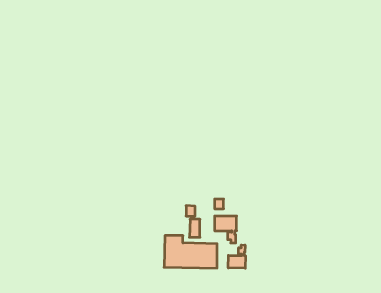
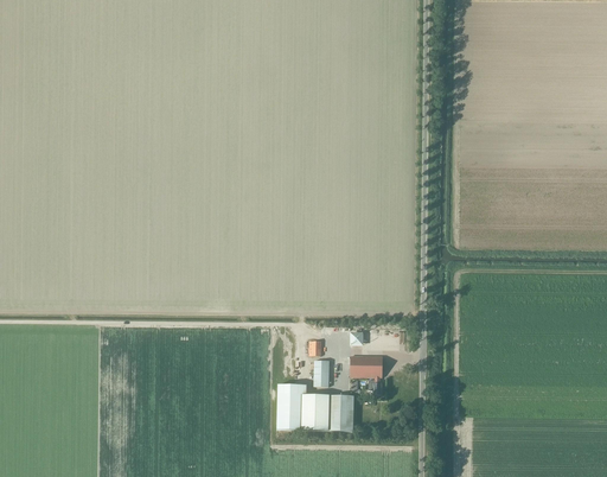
building: [228,245,245,268] -> none

